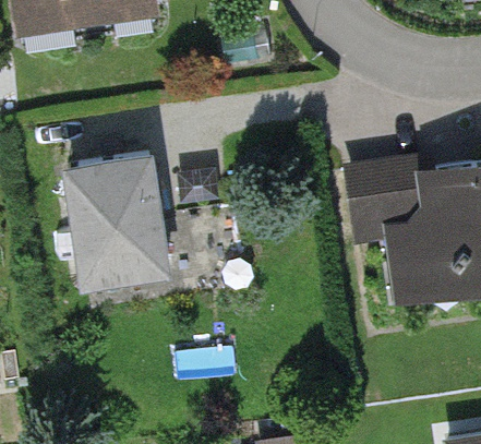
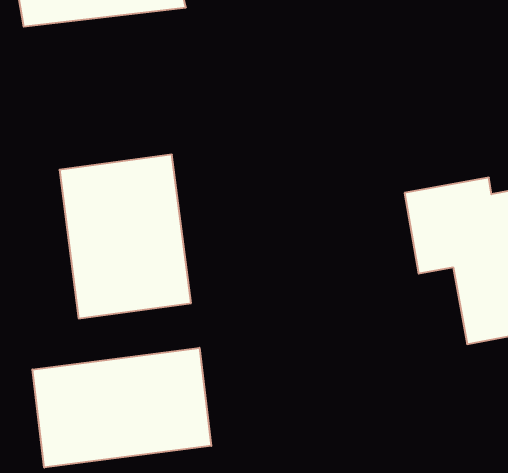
building: none -> [32,348,211,468]

